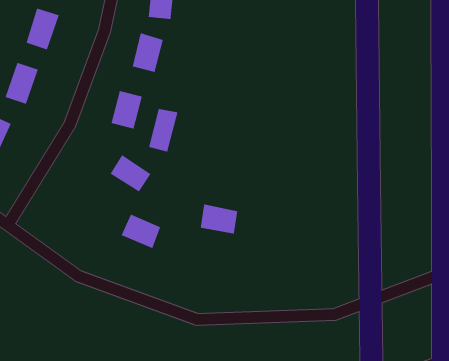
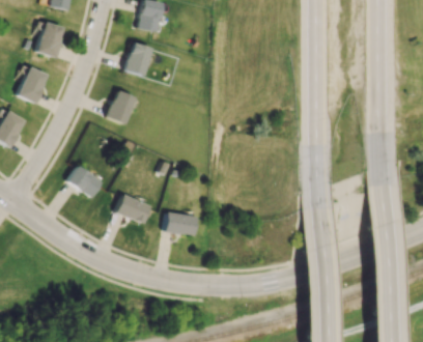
building: [148,108,179,152] -> none
building: [109,154,151,192] -> [67,165,103,197]
building: [200,204,238,234] -> [164,210,196,236]

